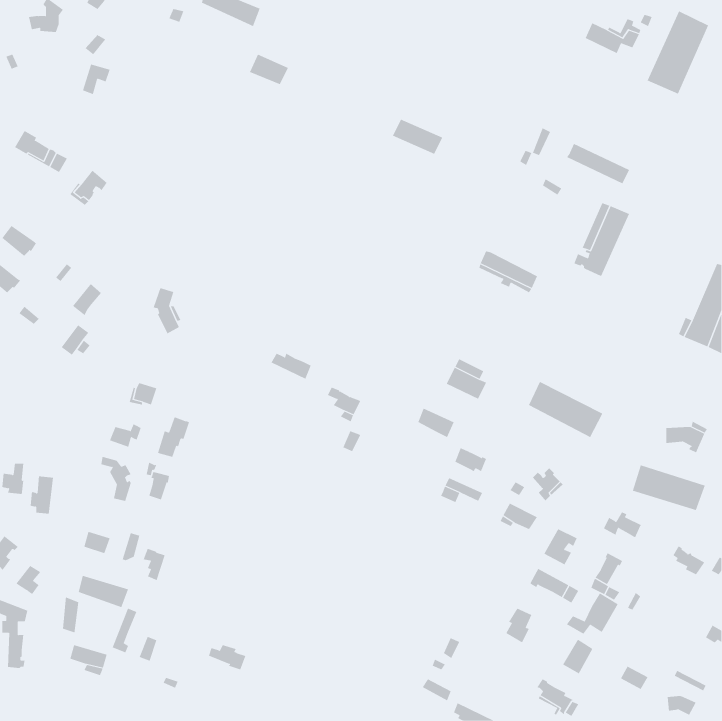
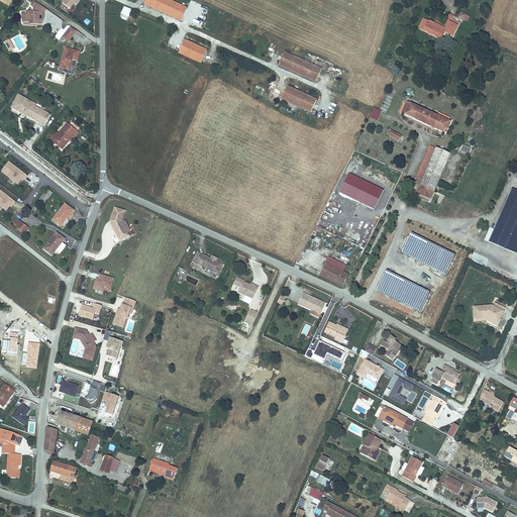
building: [647,10,709,95] -> none
building: none -> [278,50,321,80]
building: none -> [402,235,454,275]
building: [632,464,705,511] -> none
building: [566,593,618,634] -> none

